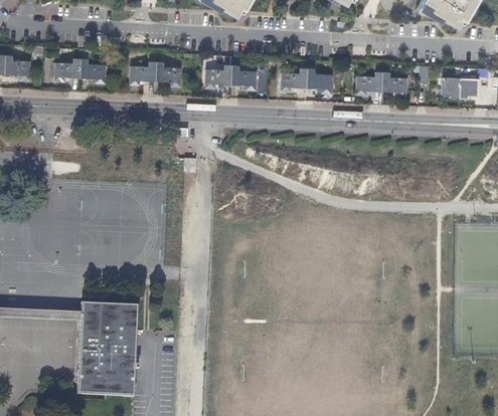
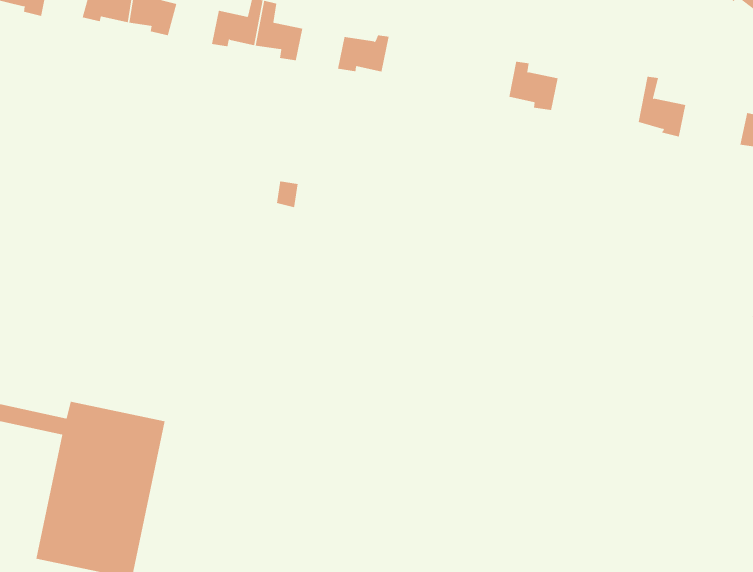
building: [232,64,259,89] -> none
building: [357,64,384,94] -> none
building: [283,66,308,91] -> none

